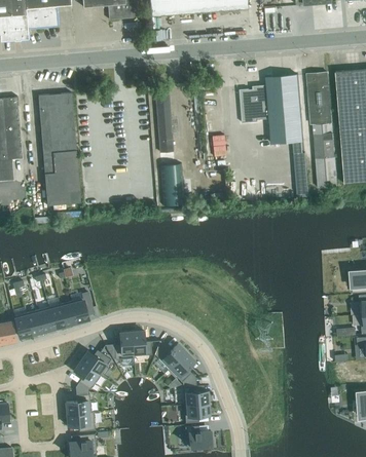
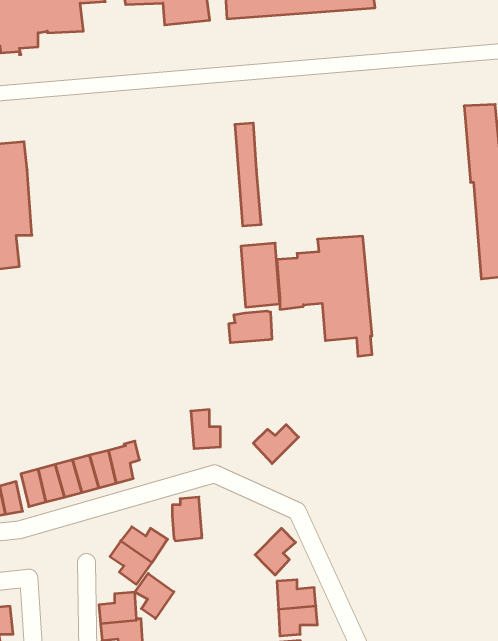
building: [240,75,302,154] -> [277,236,372,356]
building: [38,93,80,205] -> none
building: none -> [229,311,272,343]
building: [132,331,151,356] -> [191,410,220,449]
building: [156,344,186,370] -> [253,425,299,464]
building: none -> [135,573,174,619]

